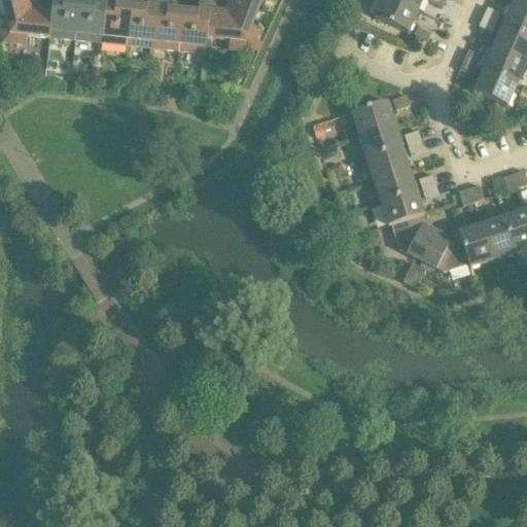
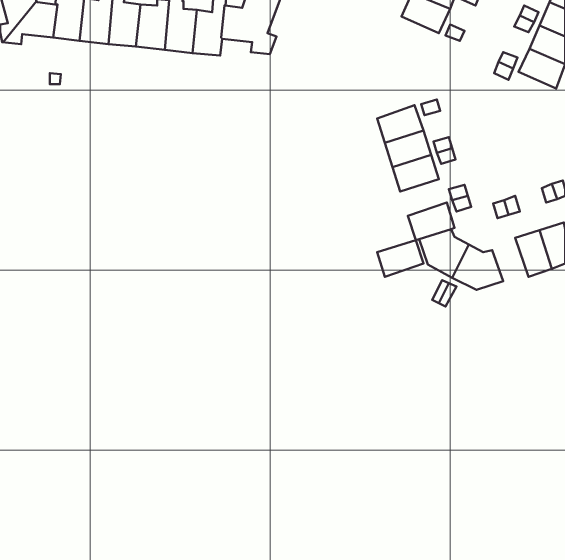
building: [473,67,518,104] -> none
building: [373,167,416,201] -> [377,240,423,277]
building: [457,221,492,265] -> none

